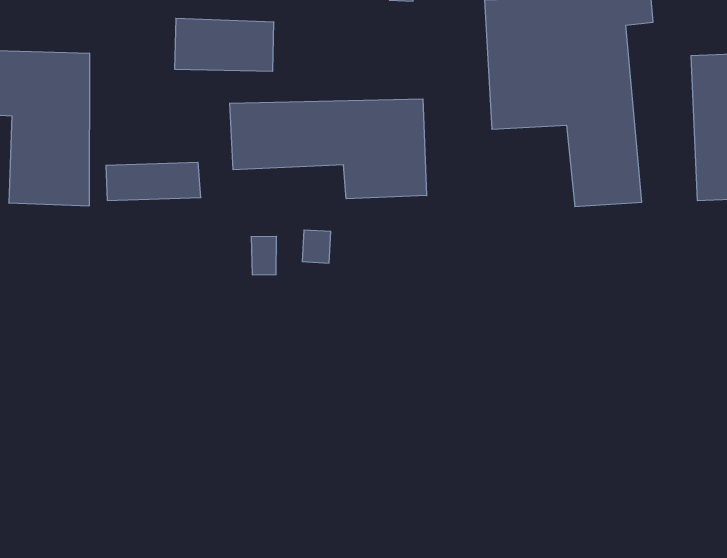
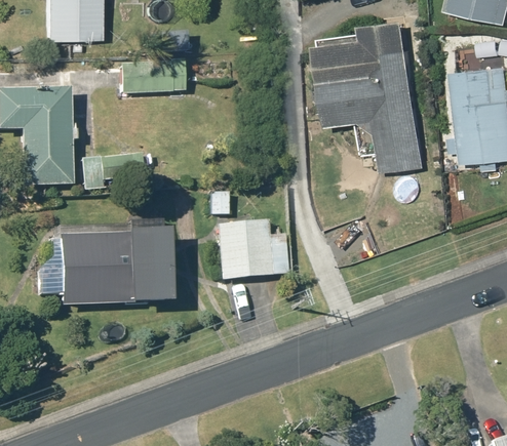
building: [230,99,427,199] -> none
building: none -> [55,218,167,307]
building: none -> [217,222,274,281]

